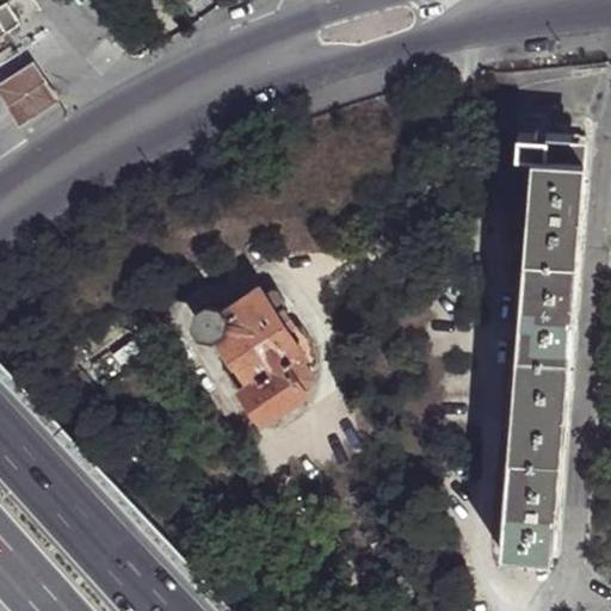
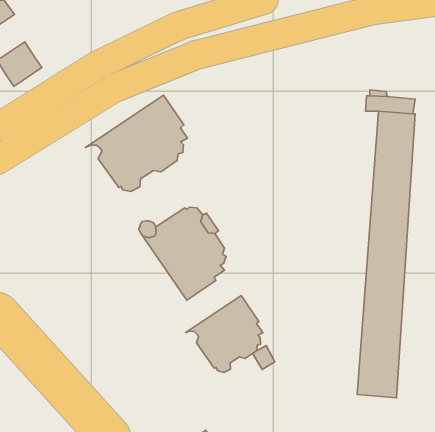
building: none -> [86,95,187,192]
building: none -> [186,295,263,372]

